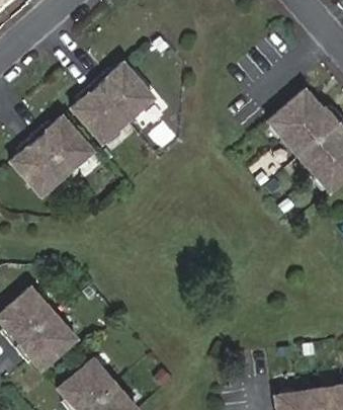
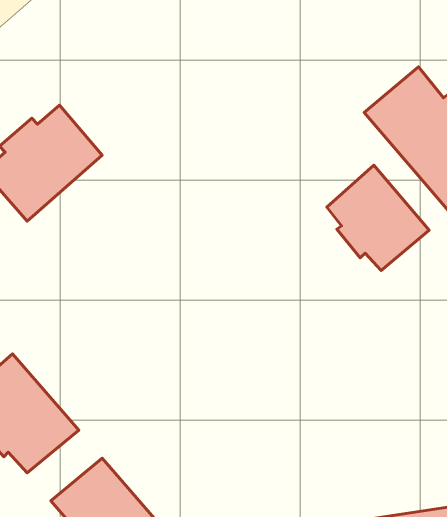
building: [72,61,154,141] -> none
building: none -> [327,165,429,271]

